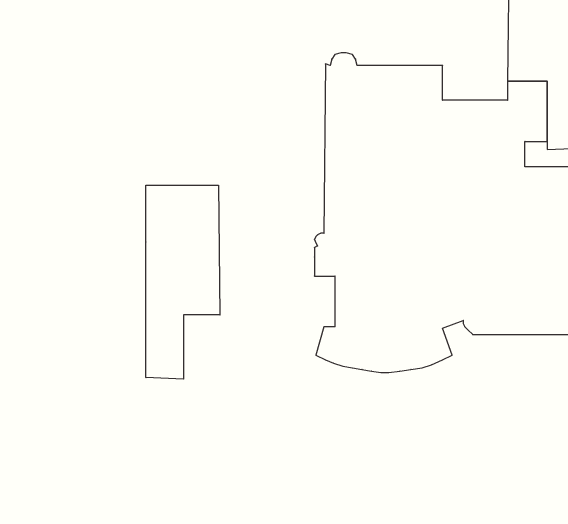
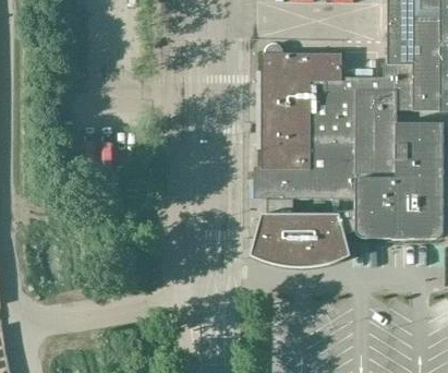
building: [146,185,220,379] -> none

